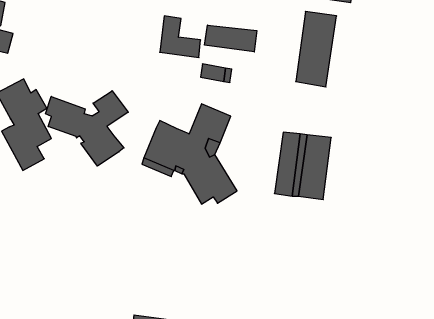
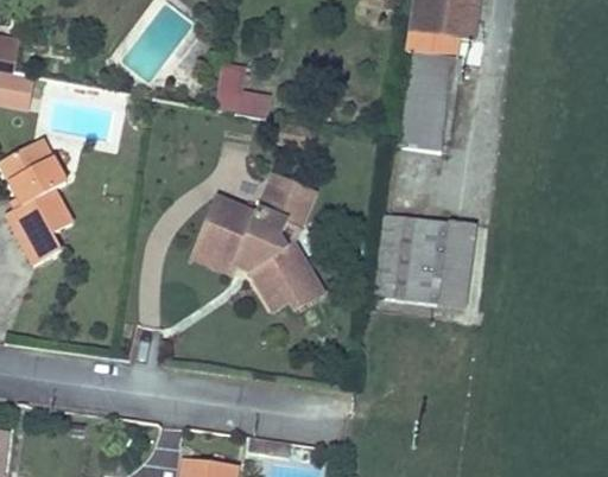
building: [205,25,257,52] -> none
building: [45,91,128,166] -> none
building: none -> [441,222,475,307]

